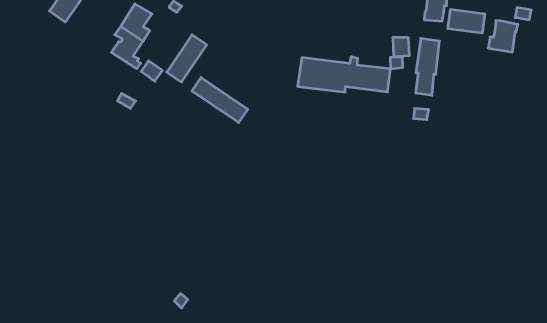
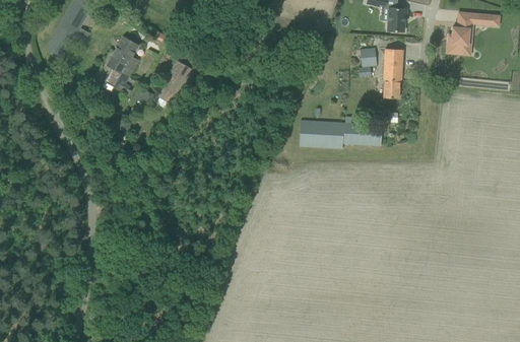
building: [448,9,485,33] -> none
building: [298,57,391,92] -> [299,116,382,148]
building: [192,77,248,123] -> none

